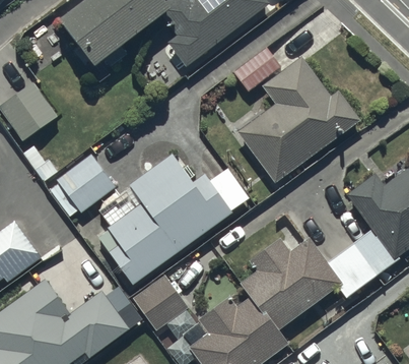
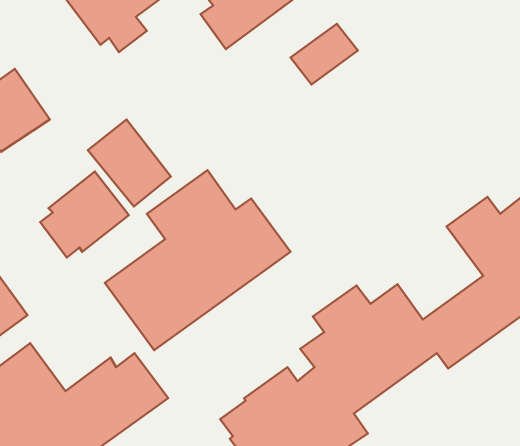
building: [236,57,359,184] -> none
building: none -> [88,120,171,206]
building: [132,276,188,331] -> none

